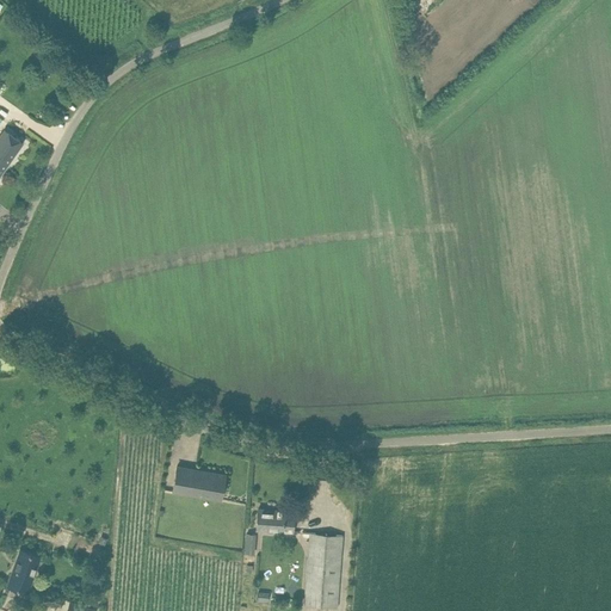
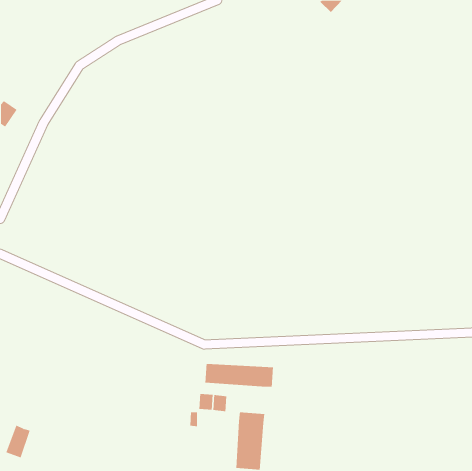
building: [172,467,224,500] -> none
building: none -> [205,363,274,388]

